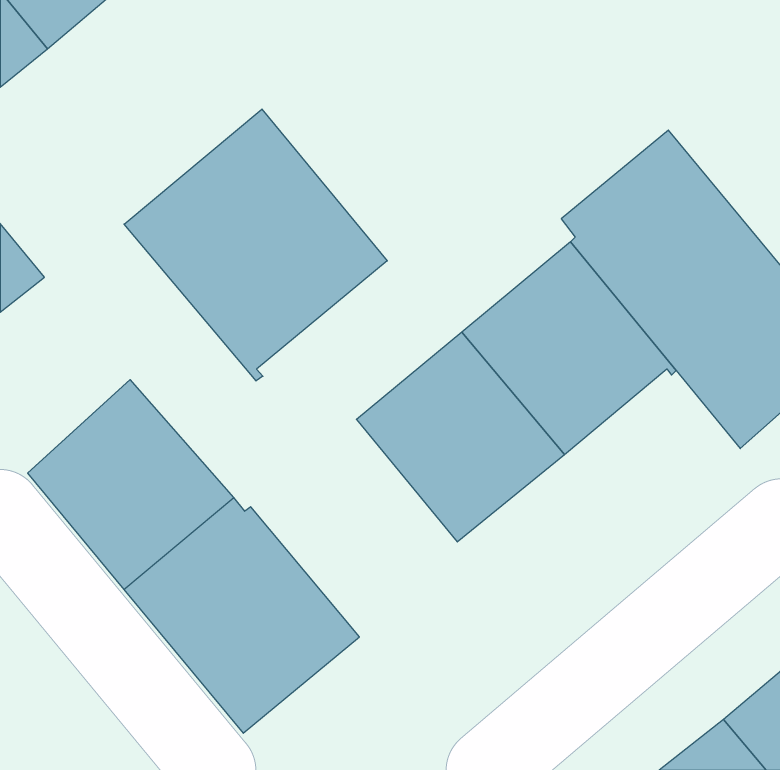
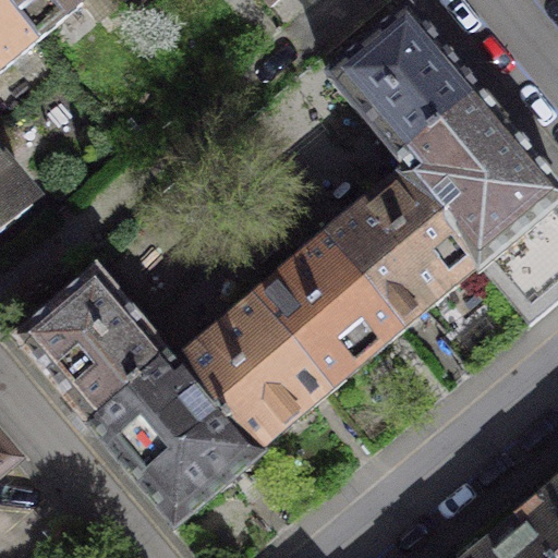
building: none -> [331,10,477,156]
building: [124,109,387,381] -> none
building: none -> [180,299,327,453]

